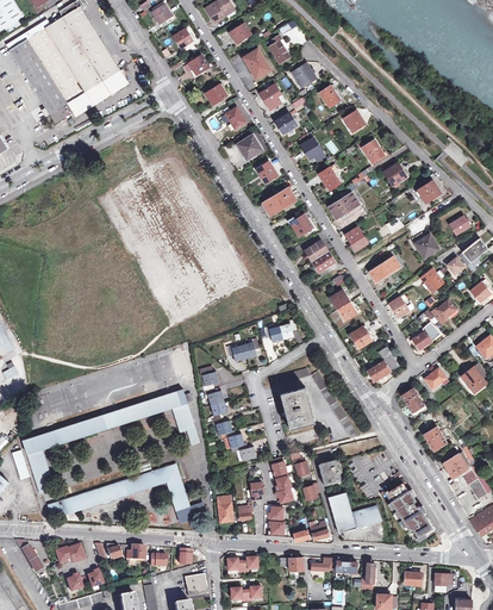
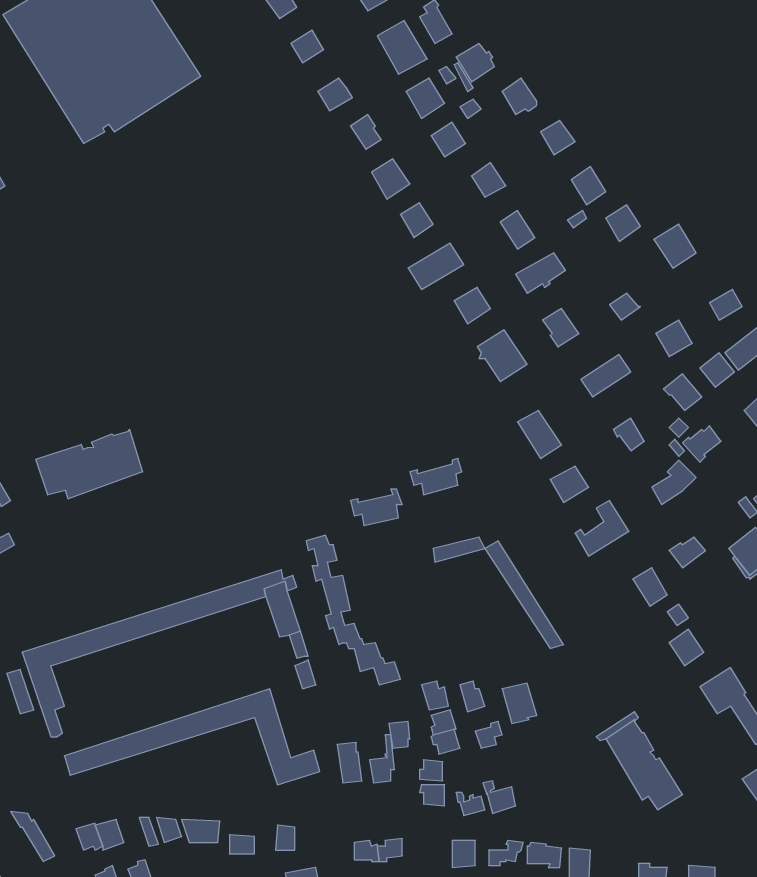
building: none -> [36,429,143,499]
building: [281,388,316,431] -> none
building: [329,493,380,534] -> none

